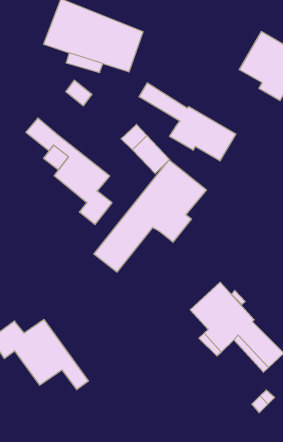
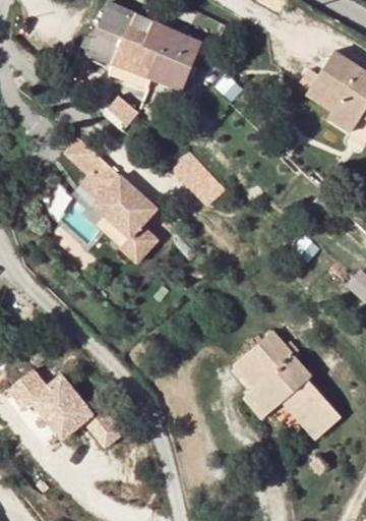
building: [139,83,236,161] -> none
building: [94,160,206,272] -> none

